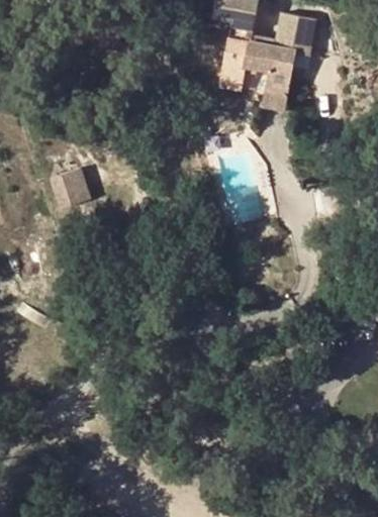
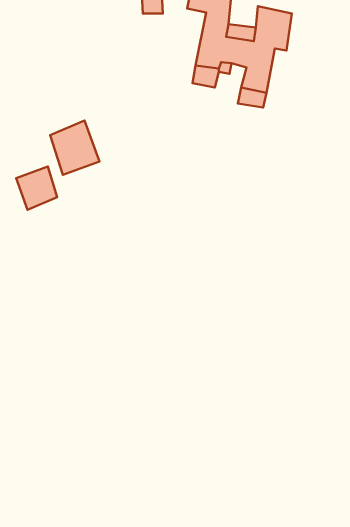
building: none -> [50,121,99,175]

